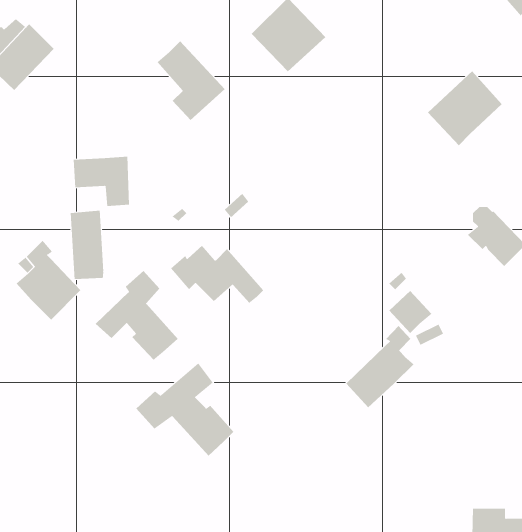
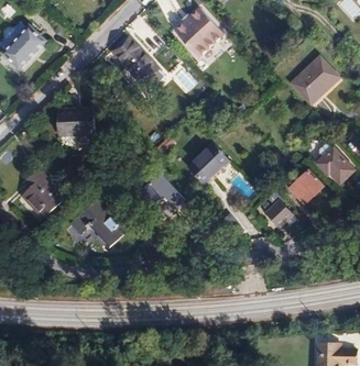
building: none -> [187,144,229,185]
building: [70,210,104,280] -> none
building: none -> [290,170,324,204]
building: [345,325,414,408] -> none
building: [135,362,234,457] -> none

